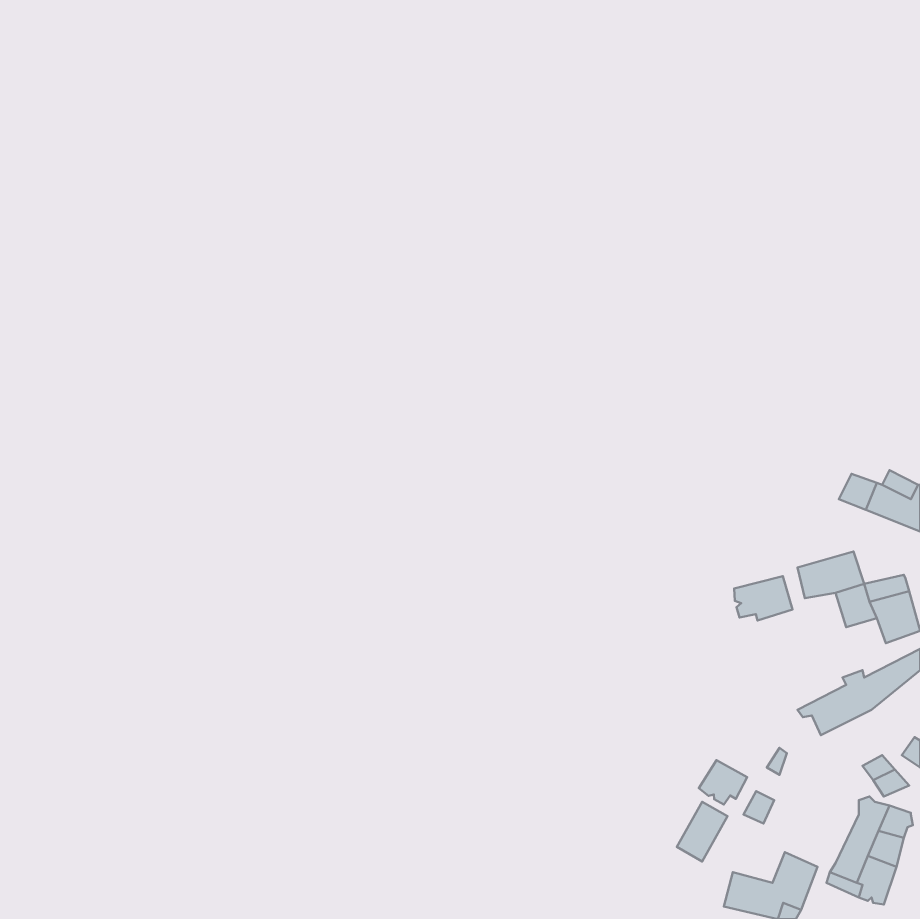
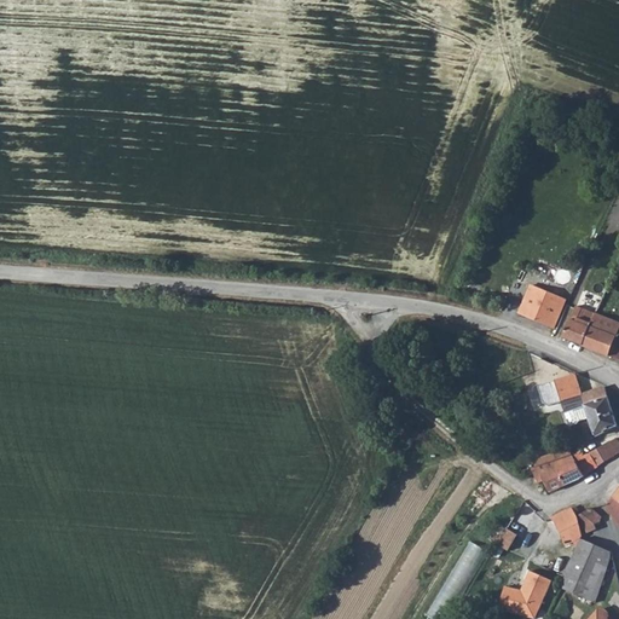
building: none -> [510,283,562,328]
building: [734,576,792,620] -> none
building: none -> [546,507,584,540]
building: [699,760,747,804] -> none

